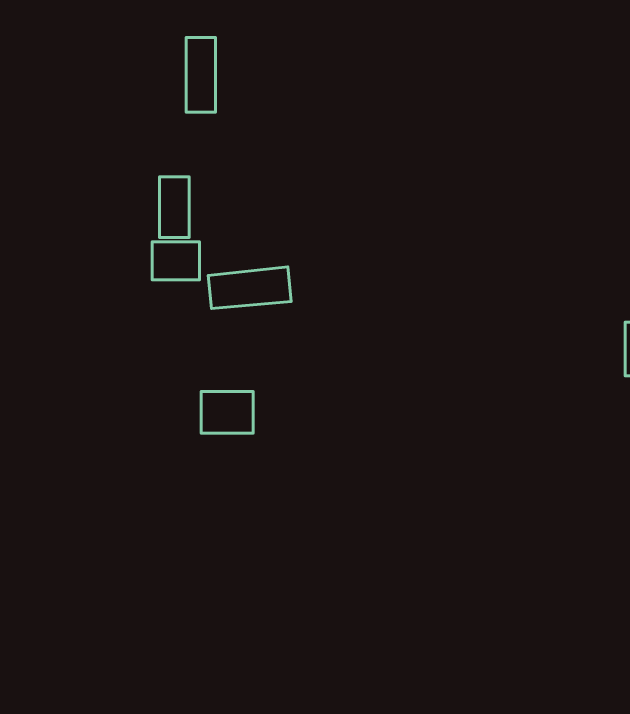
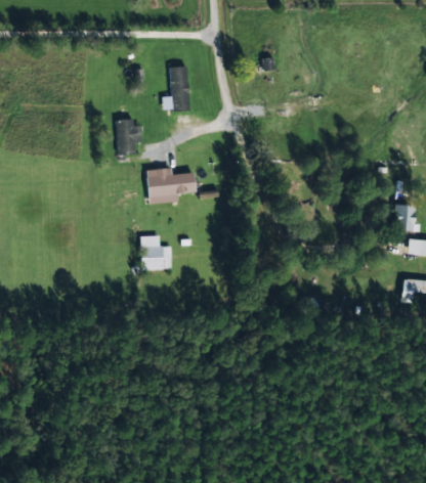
building: [186,38,216,112] -> [171,67,188,111]
building: [152,242,199,280] -> none

